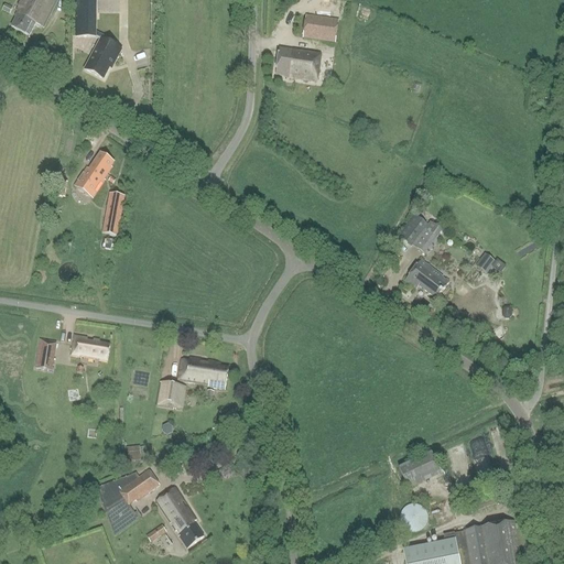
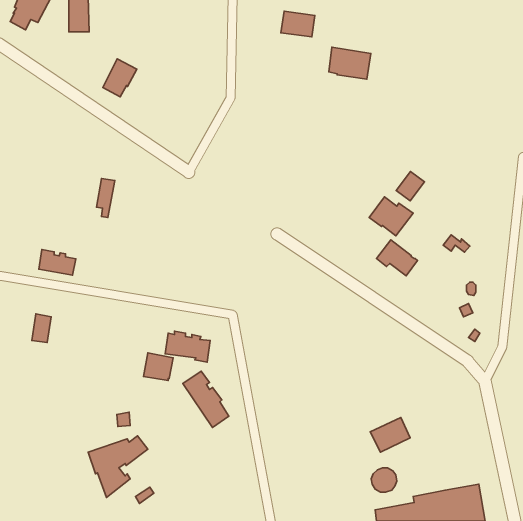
building: [84,35,120,76] -> [103,59,137,97]
building: [274,45,319,79] -> [329,47,371,79]
building: [76,150,112,192] -> none
building: none -> [396,171,424,201]
building: [70,334,110,361] -> [39,250,76,275]
building: [155,486,205,546] -> [183,371,229,427]

